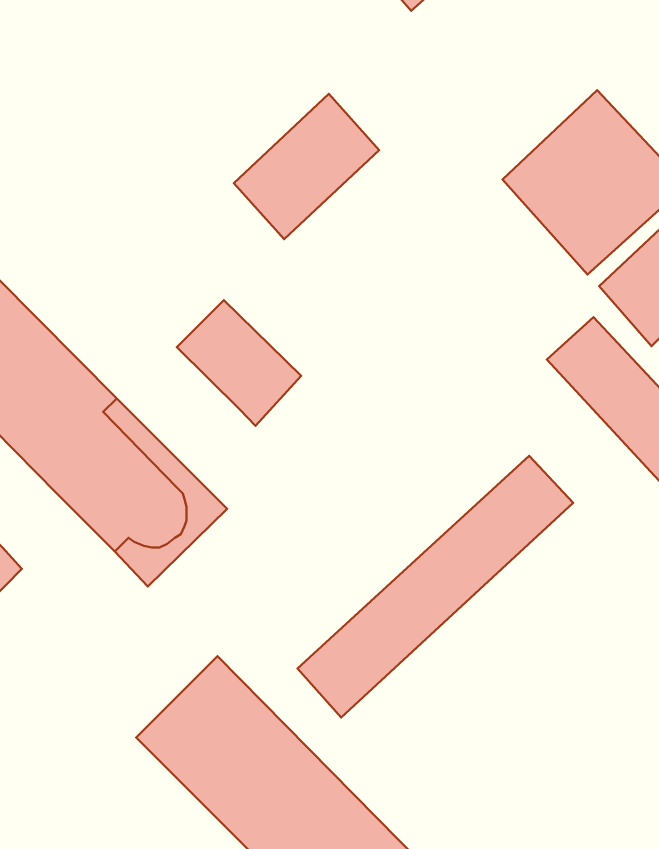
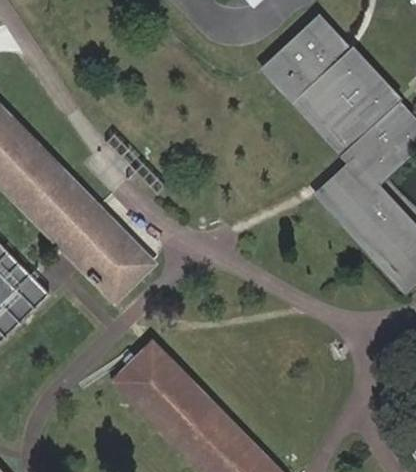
building: [234,94,379,239] -> [269,14,344,89]
building: [177,300,301,426] -> none
building: [298,456,573,718] -> none

